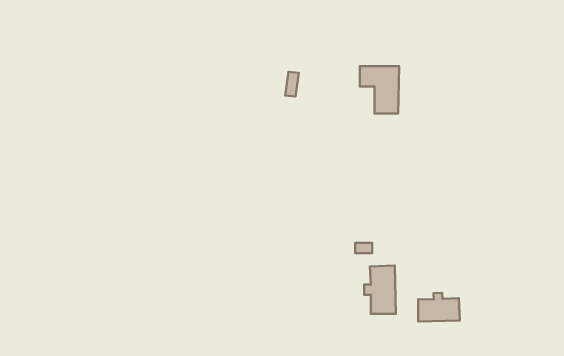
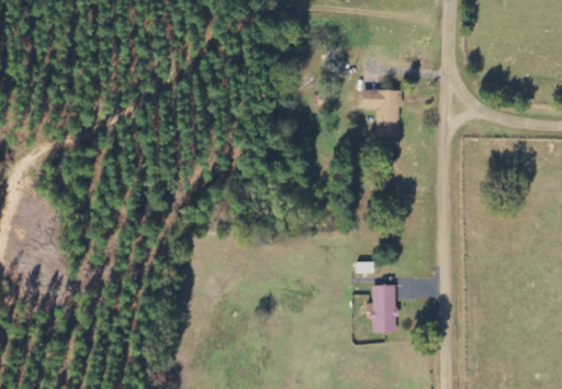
building: [418,293,460,322] -> none

